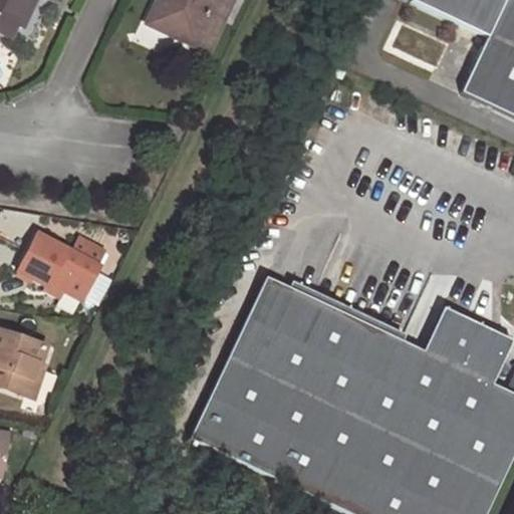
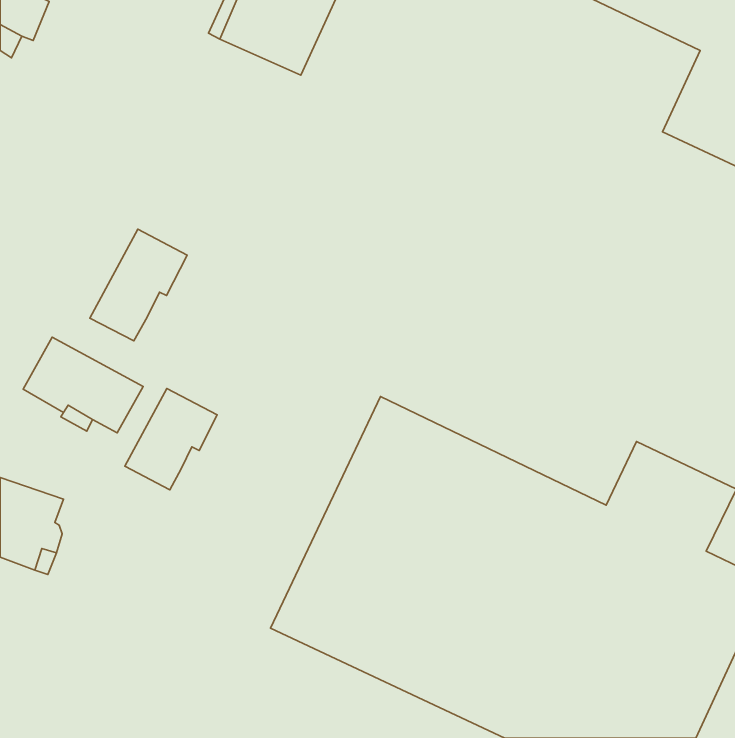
building: none -> [90,229,187,341]
building: none -> [125,388,217,490]

